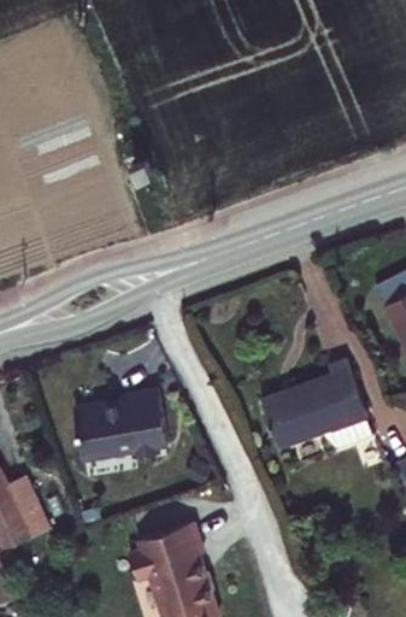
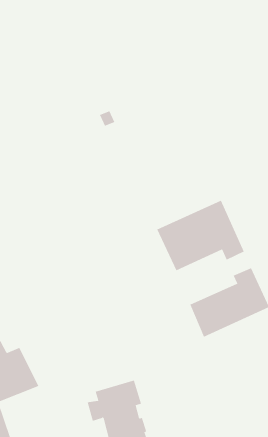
building: none -> [157,200,244,271]
building: [72,390,165,459] -> none

